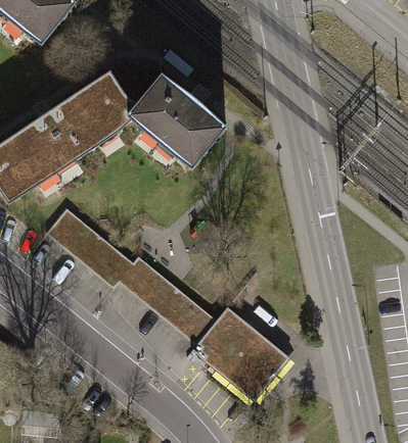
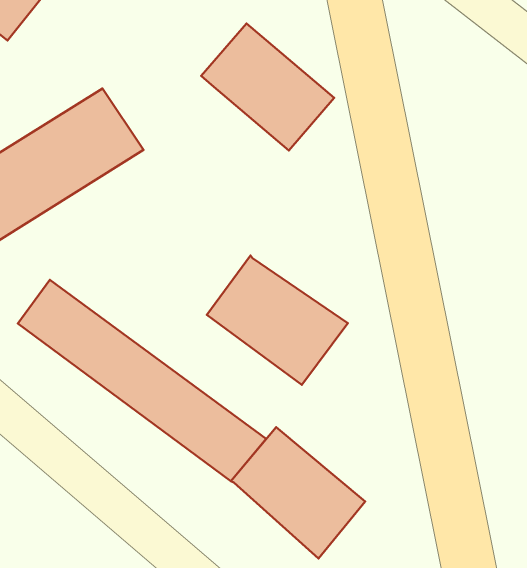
building: [129,75,222,163] -> [201,23,334,150]
building: none -> [207,256,348,385]

